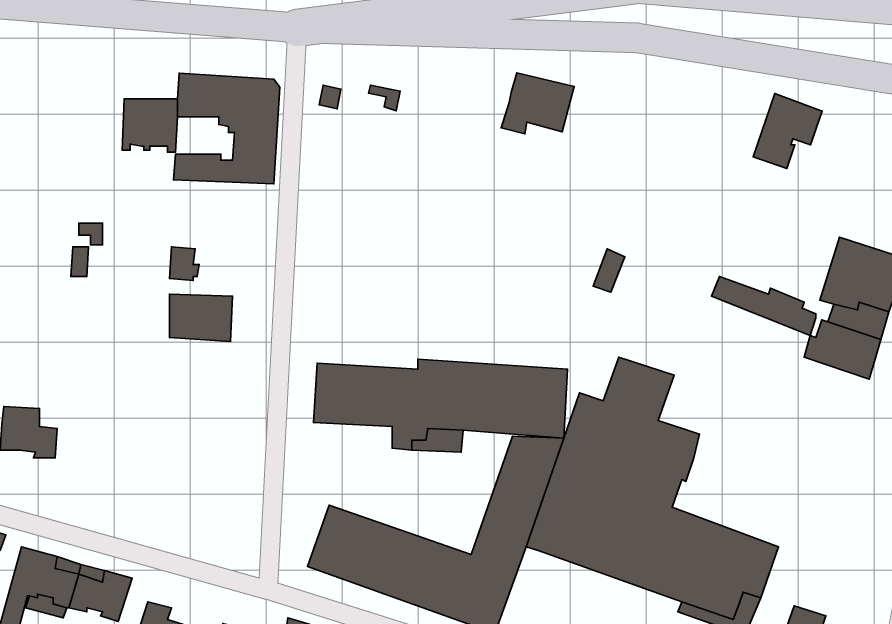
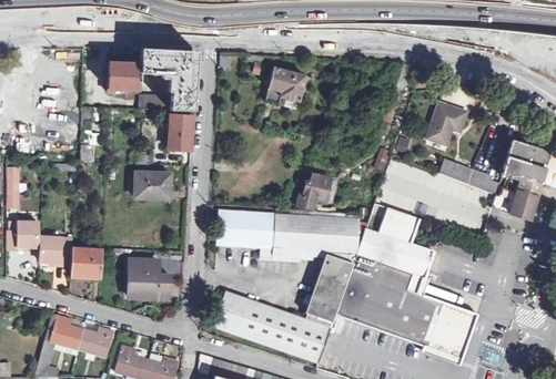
building: [501,73,574,134] -> [264,69,305,103]
building: [753,94,822,169] -> [427,103,466,145]
building: none -> [168,114,192,150]
building: none -> [295,175,330,211]
building: none -> [70,248,102,278]
building: none -> [128,260,169,298]

